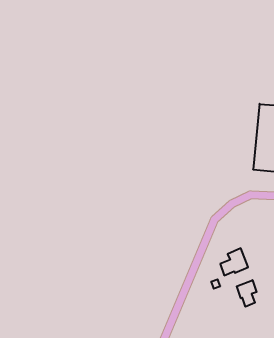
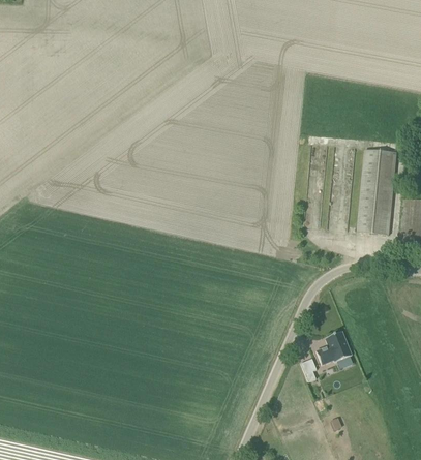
building: [237,280,257,307] -> none

